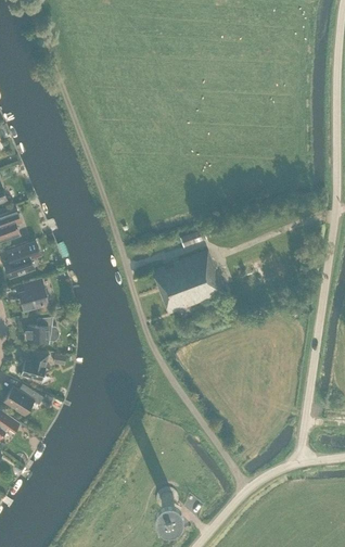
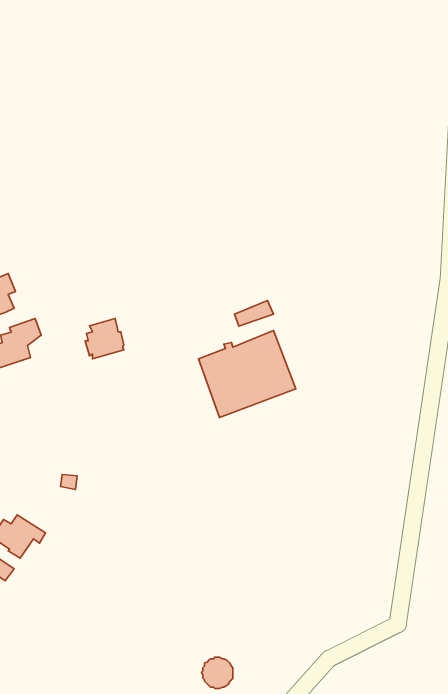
building: [17,279,46,308] -> [85,318,124,359]
building: [25,315,58,343] -> none
building: [20,351,47,380] -> none

